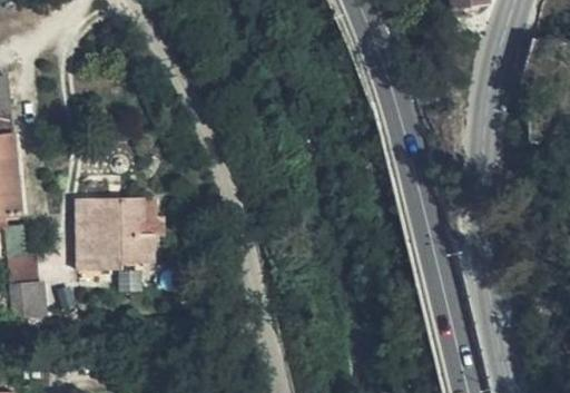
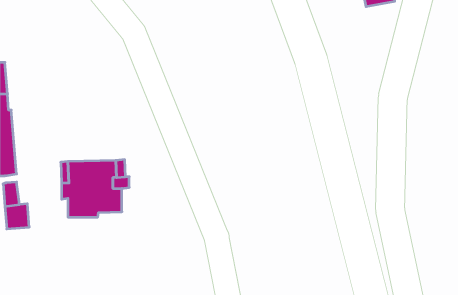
building: [9,281,46,320] -> none

